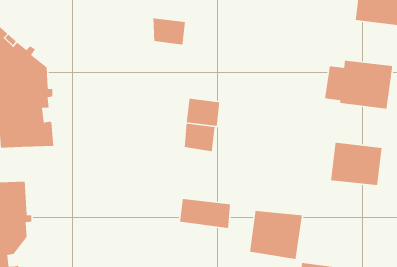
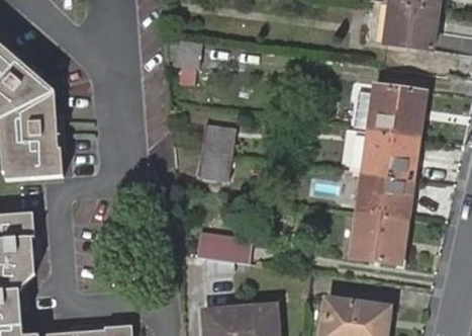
building: none -> [361,131,416,177]
building: [249,210,303,260] -> [350,213,406,265]

